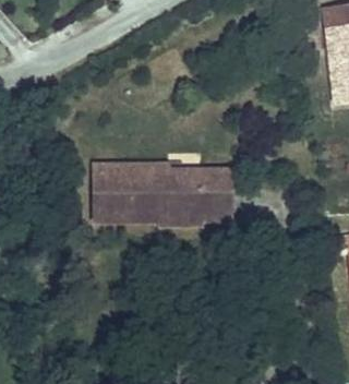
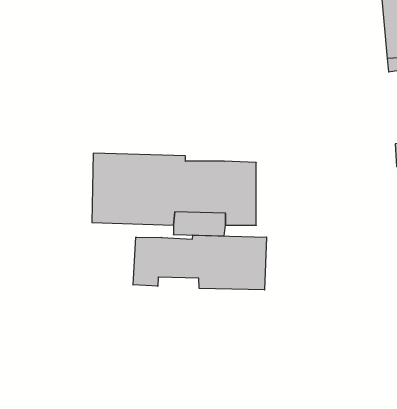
building: none -> [133,235,267,290]

